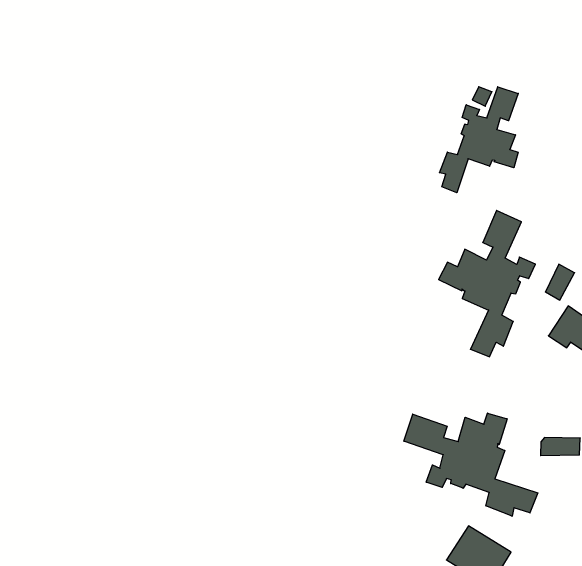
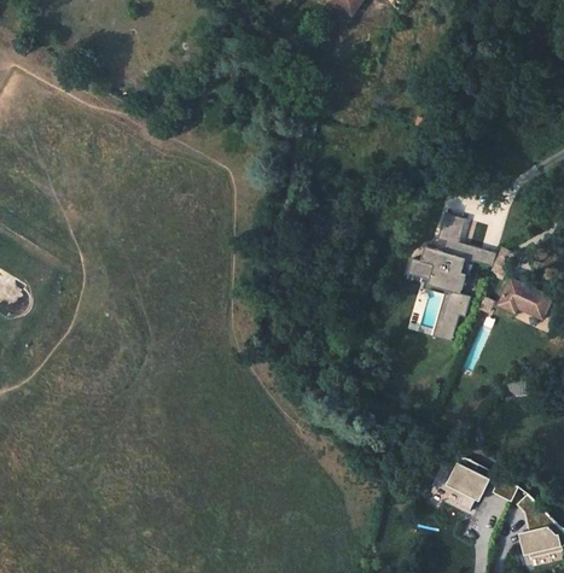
building: [439,87,518,193] -> none
building: [404,413,538,516] -> none

